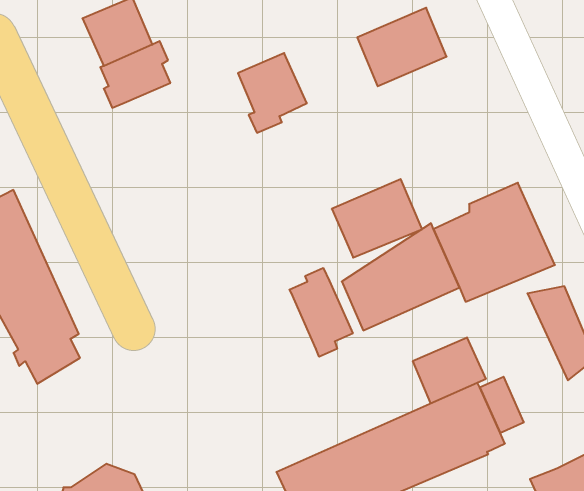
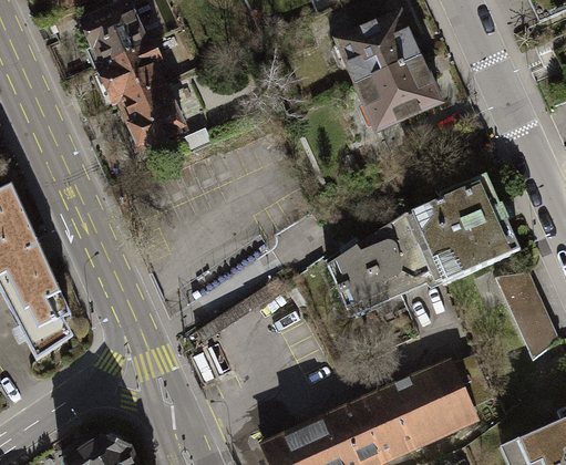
building: [238,53,307,133] -> [120,82,184,156]
building: [332,179,422,258] -> [356,58,440,131]
building: [289,268,353,357] -> none
building: [413,337,486,403] -> none

